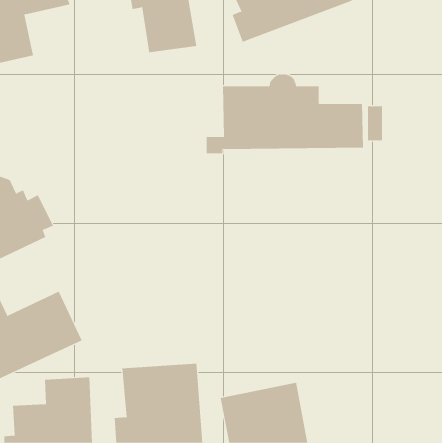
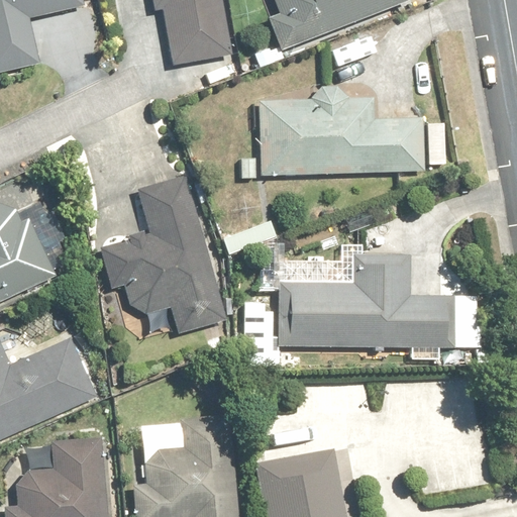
building: none -> [98,176,228,330]
building: none -> [276,255,457,347]

